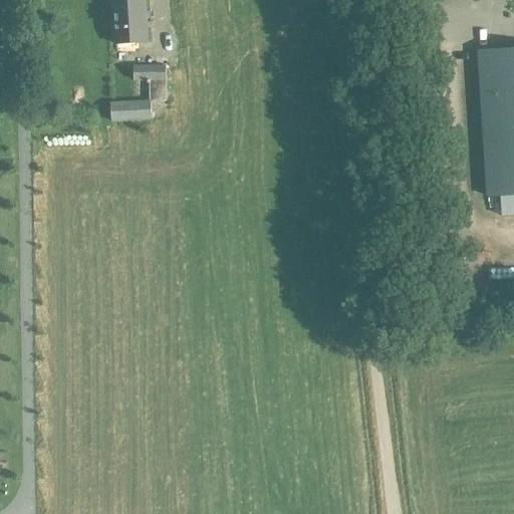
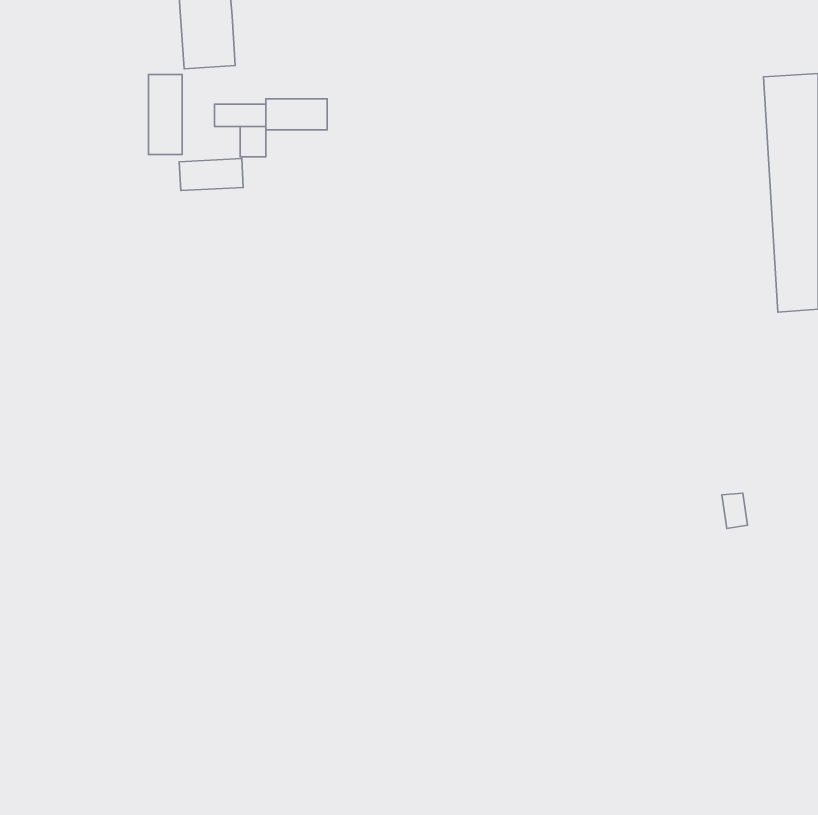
building: none -> [149,74,182,155]
building: none -> [266,99,327,130]

